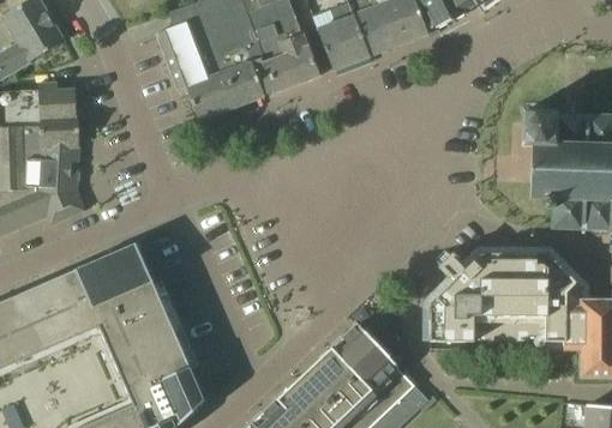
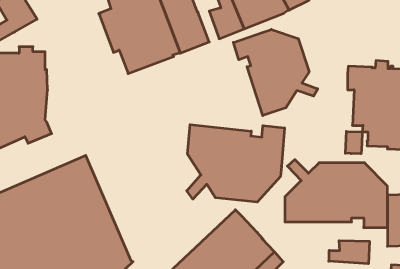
building: none -> [233,29,318,116]
building: none -> [187,125,285,202]
building: none -> [345,131,362,154]
building: none -> [329,241,369,264]

